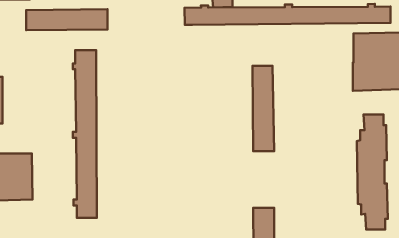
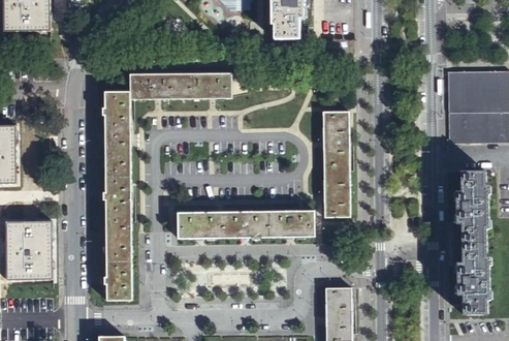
building: [185,4,391,25] -> none
building: [26,9,107,30] -> [131,74,231,100]
building: none -> [179,211,314,239]

